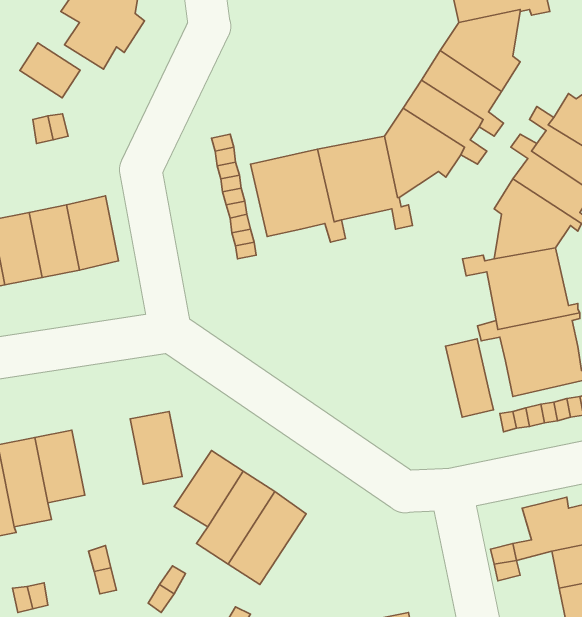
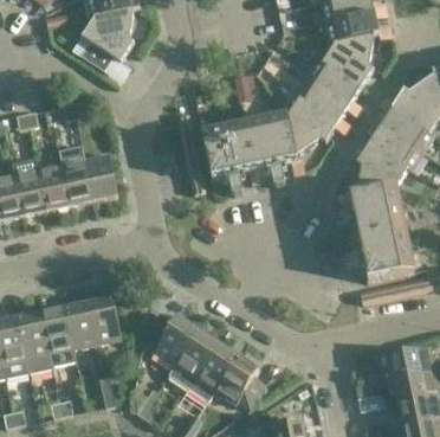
building: [20,43,80,98] -> none
building: [446,339,494,417] -> none
building: [130,411,182,484] -> [88,297,121,343]
building: none -> [214,355,265,407]

